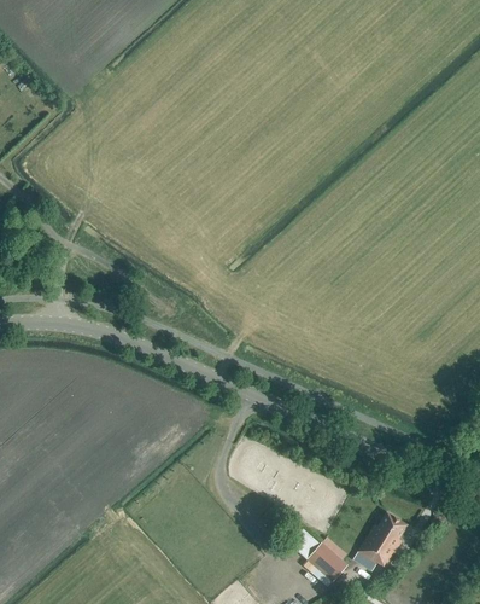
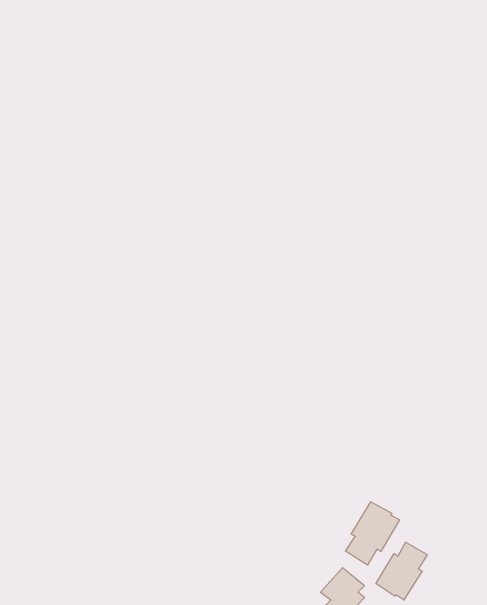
building: none -> [345,502,399,565]

